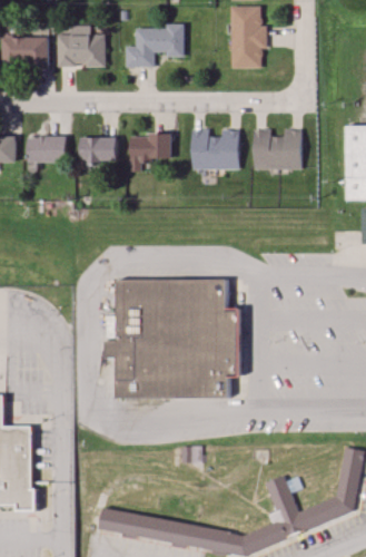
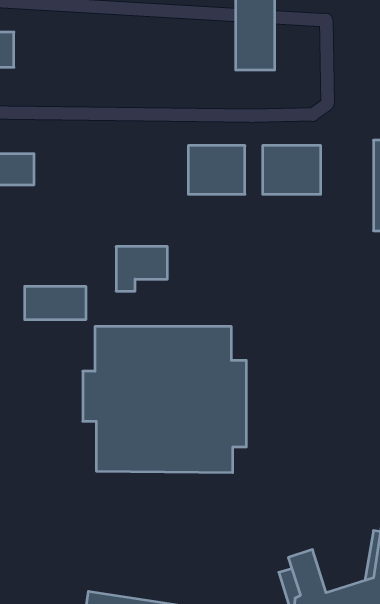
building: [126,26,185,67] -> none
building: [58,27,106,67] -> none
building: [129,136,171,173] -> [116,247,167,291]
building: [80,137,117,165] -> none
building: none -> [25,286,86,320]

